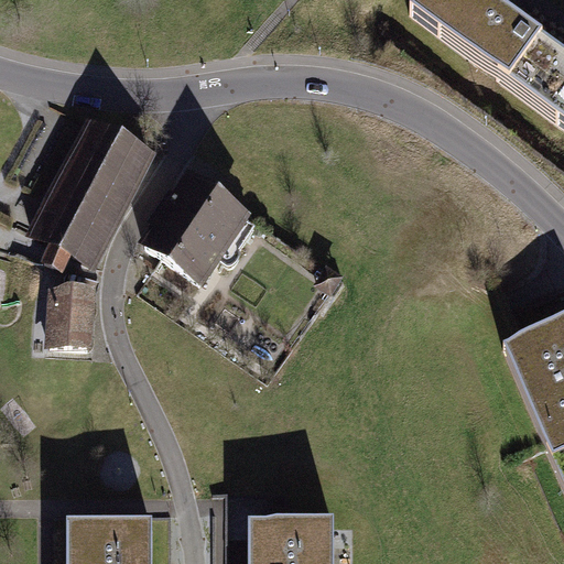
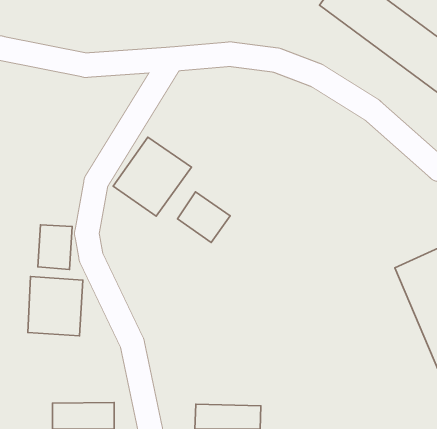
building: [32,122,153,270] -> none
building: none -> [178,192,230,242]
building: none -> [28,277,83,336]

